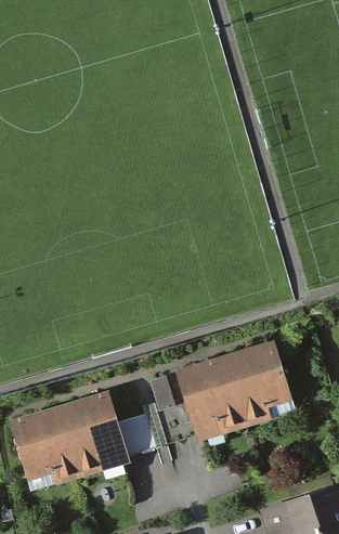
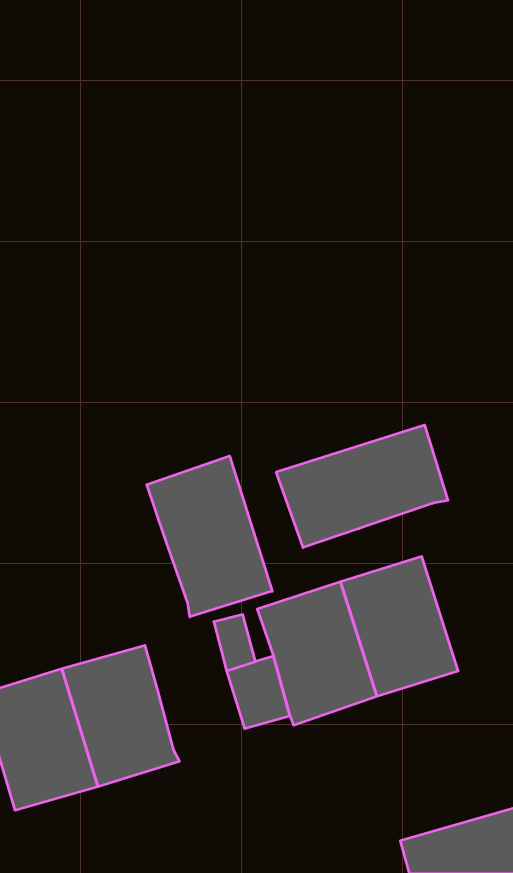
building: none -> [276,425,448,548]
building: none -> [147,456,272,617]
building: [114,412,156,456] -> none

